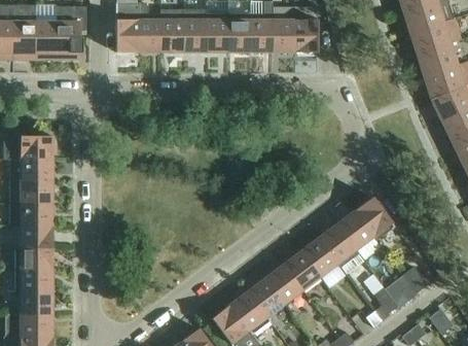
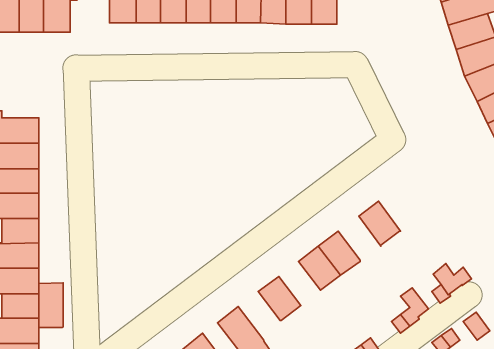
building: [354,197,395,241] -> none
building: [318,223,363,274] -> none
building: [265,264,302,303] -> none
building: none -> [39,283,63,328]
building: [229,290,271,334] -> none

